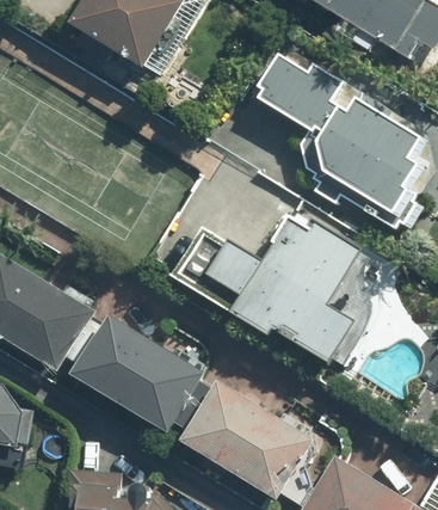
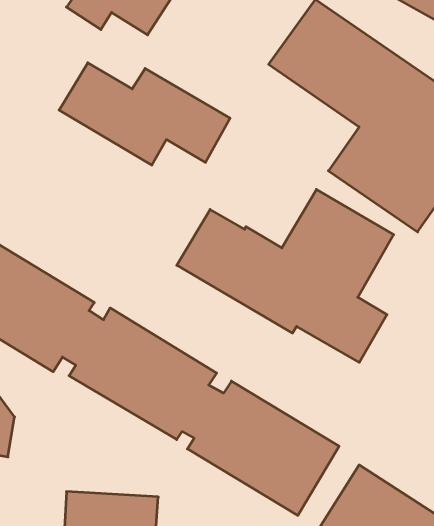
building: none -> [59,63,230,165]

